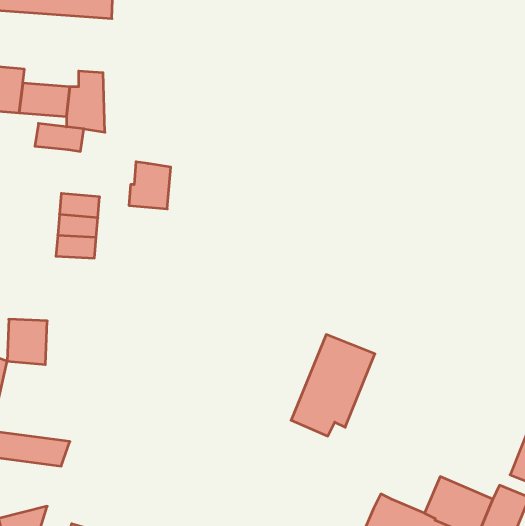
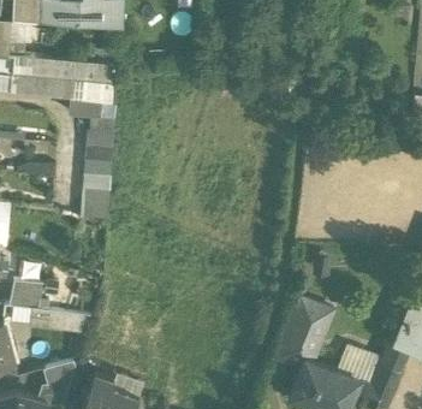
building: [129,162,171,209] -> [85,118,114,150]
building: [7,319,47,365] -> [81,191,108,223]
building: [291,335,375,436] -> [275,295,333,364]

